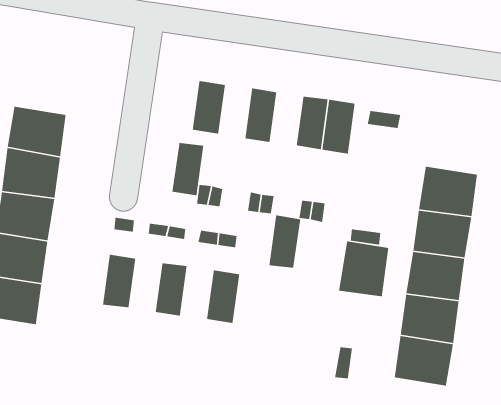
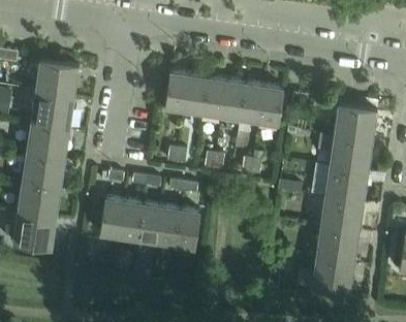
building: none -> [36,62,80,98]
building: none -> [222,82,246,121]
building: none -> [335,105,378,141]
building: [172,142,204,196] -> [185,76,209,116]
building: [268,215,301,269] -> [157,207,181,247]
building: [338,241,389,297] -> none
building: none -> [120,202,144,242]

